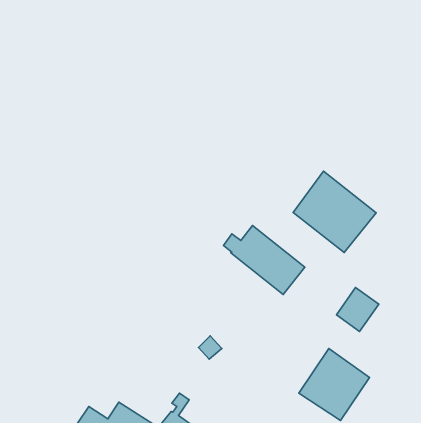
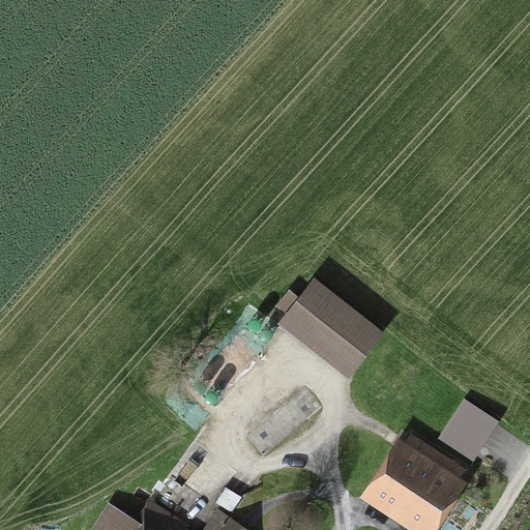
building: [293,171,376,253] -> none
building: [336,287,379,331] -> [439,406,492,461]

